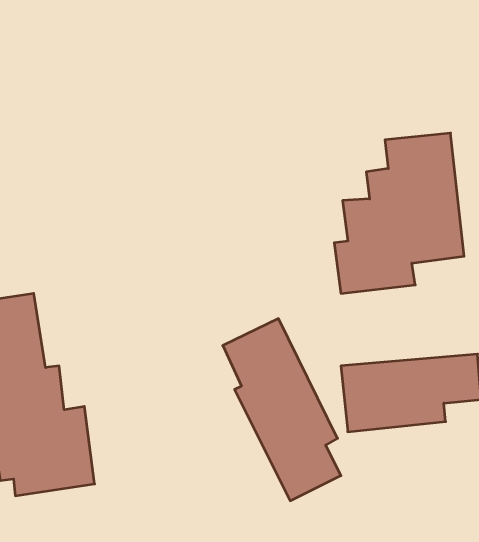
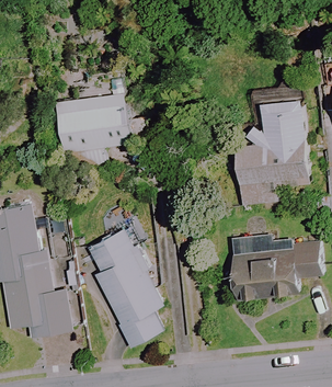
building: none -> [58,69,135,168]
building: [223,319,341,501] -> [88,228,164,346]

